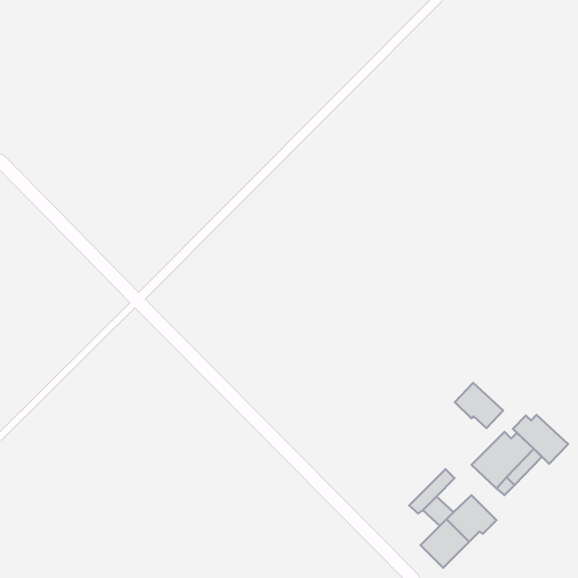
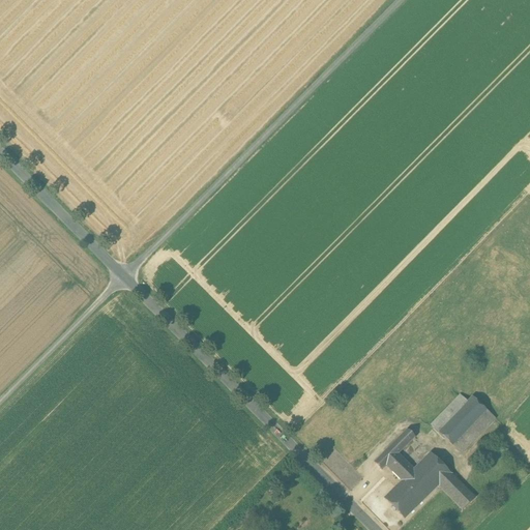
building: [455,383,503,428] -> none
building: [513,415,568,464] -> none
building: none -> [442,475,476,509]

